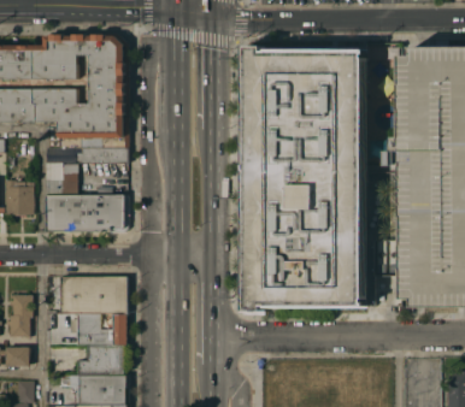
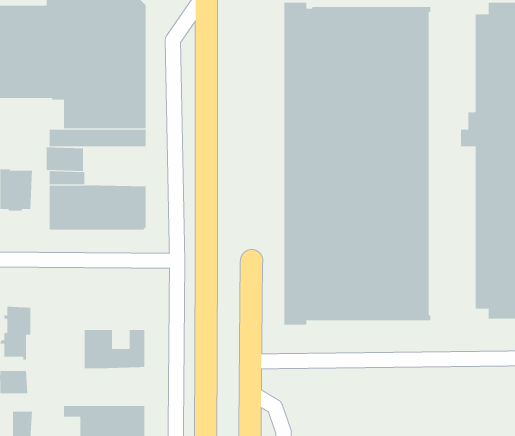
building: [59,276,126,313] -> none
building: [76,344,123,376] -> none

